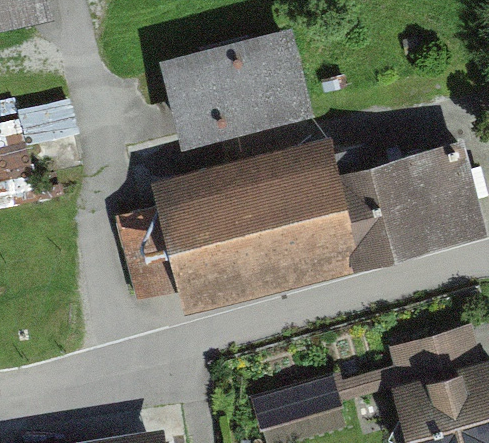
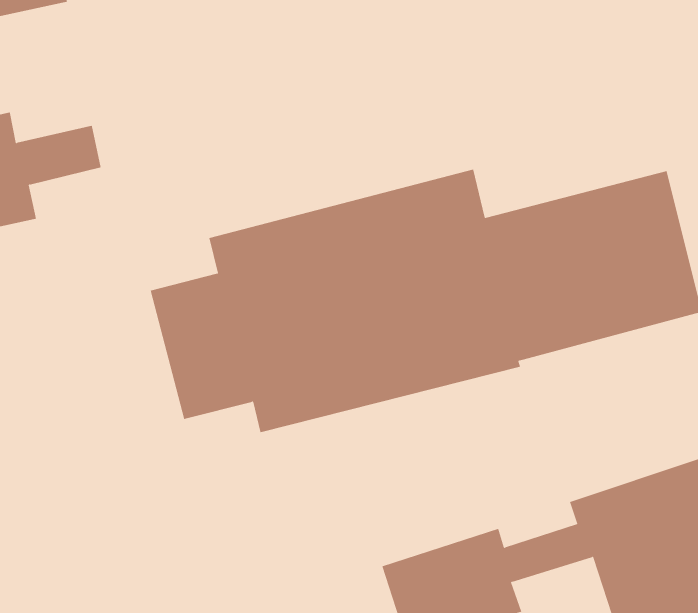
building: [158,27,313,148] -> none

